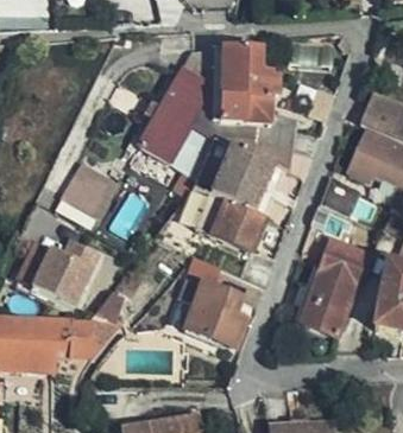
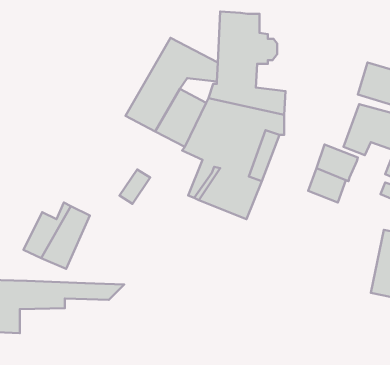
building: [61,168,126,237] -> none
building: [292,236,372,331] -> none
building: [180,255,244,351] -> none
building: [21,331,111,365] -> none

